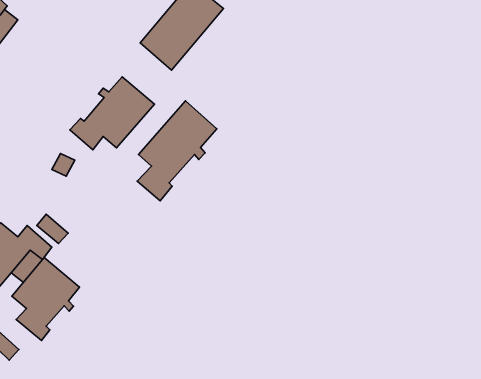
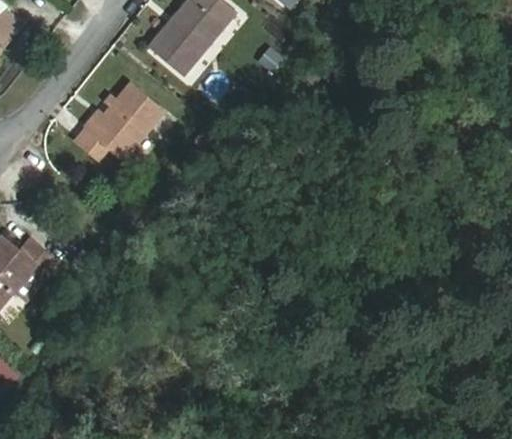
building: [137,101,217,201] -> none
building: [12,257,80,340] -> none

